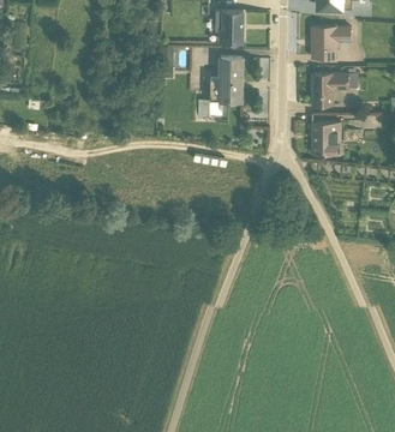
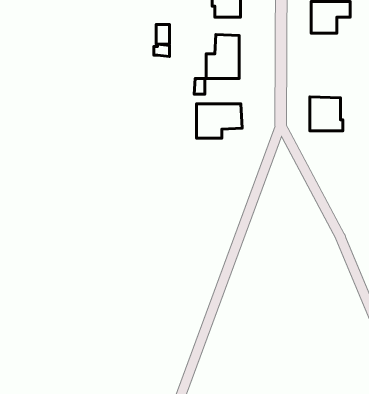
building: [312,66,358,102] -> none
building: none -> [197,104,242,138]

